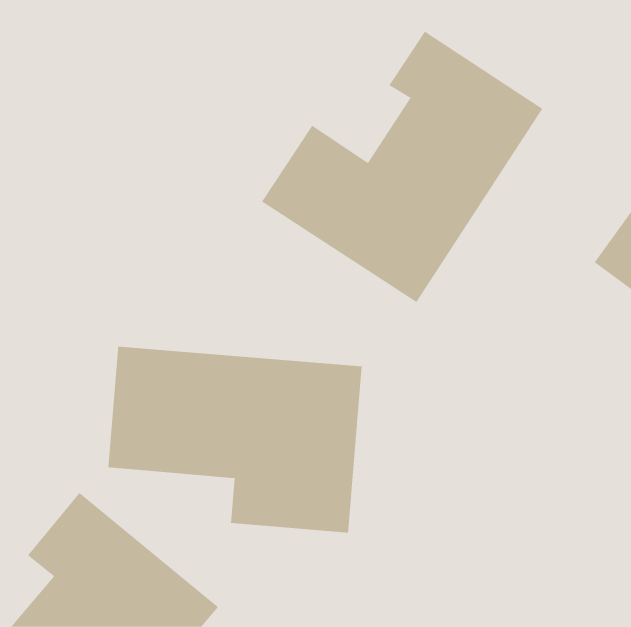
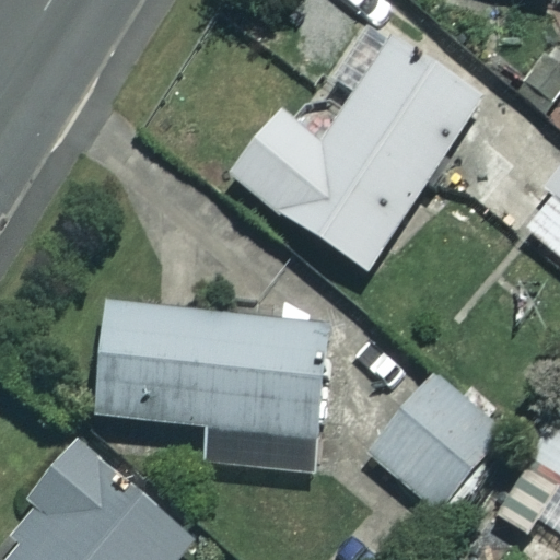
building: none -> [368,369,504,509]

